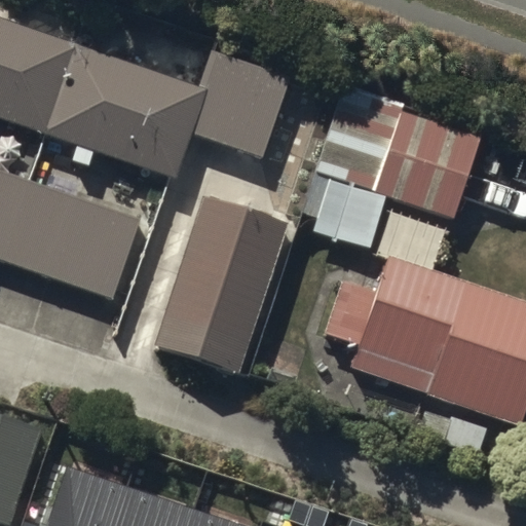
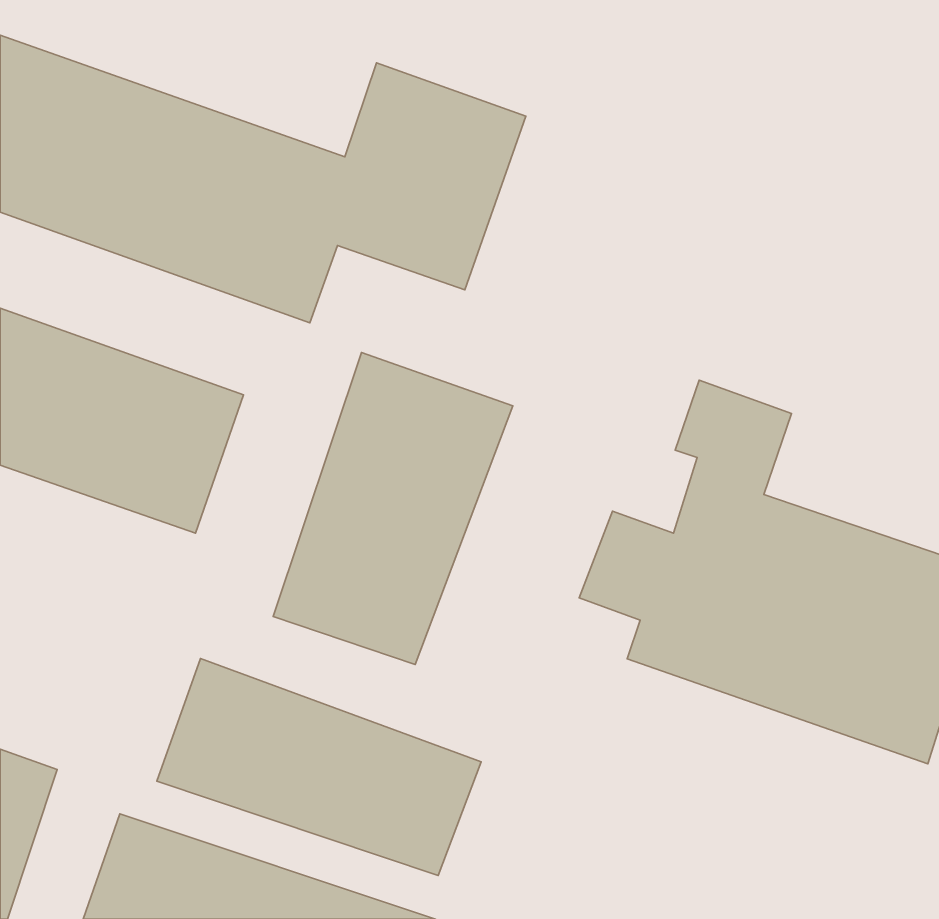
building: [312,86,483,249] -> none
building: none -> [157,659,481,876]

